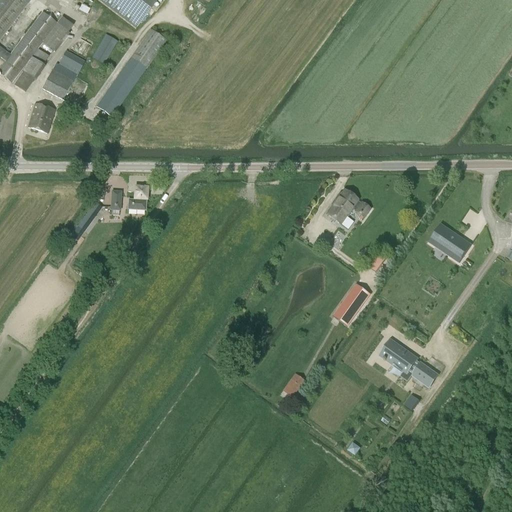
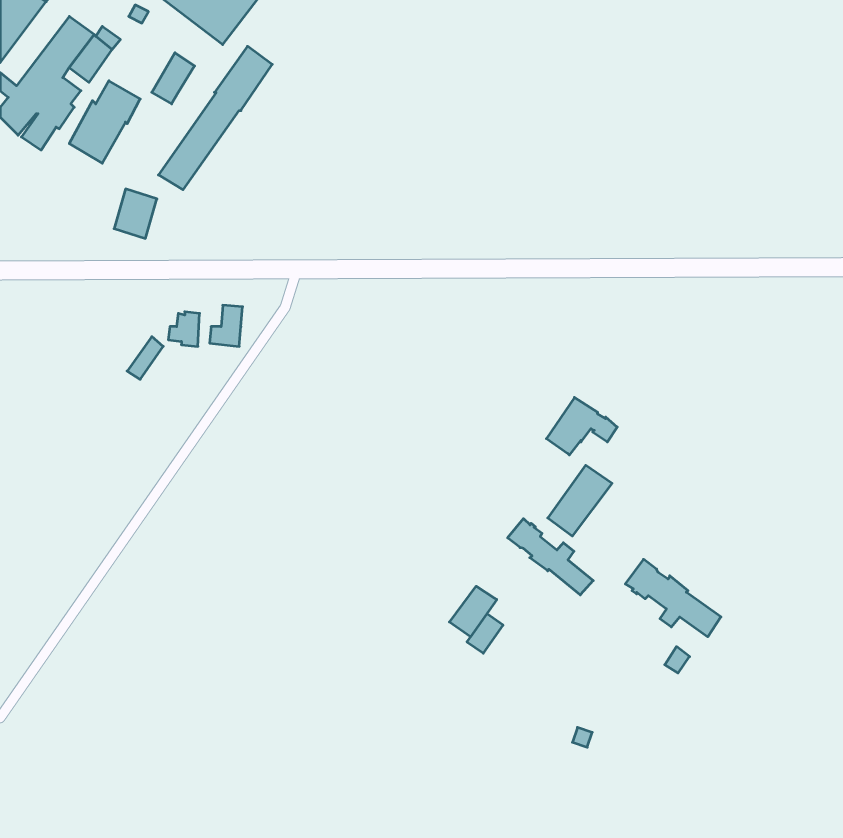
building: [28,102,54,132] -> [114,189,157,238]
building: [326,189,369,224] -> [546,397,617,455]
building: [428,223,471,261] -> none
building: none -> [508,519,593,595]
building: none -> [449,586,497,637]

